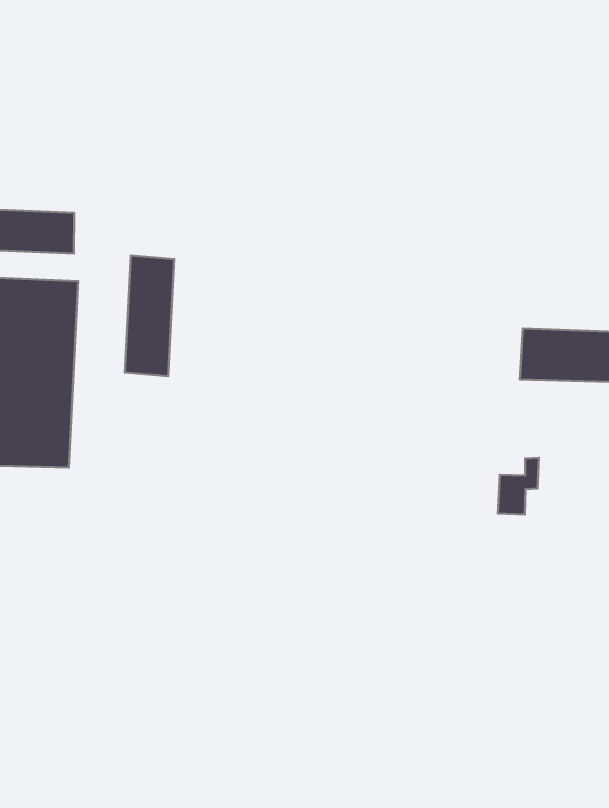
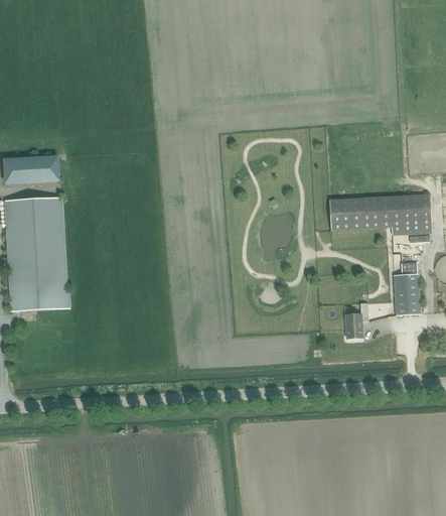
building: [125,256,174,376] -> none
building: [498,458,539,515] -> [344,302,367,338]

